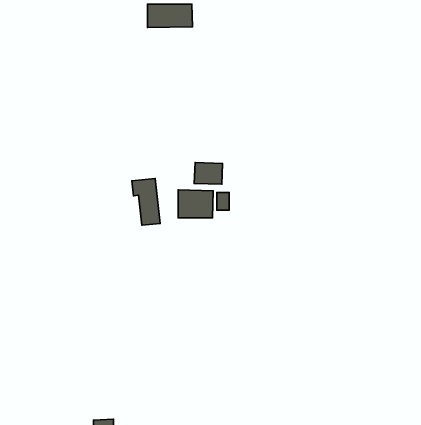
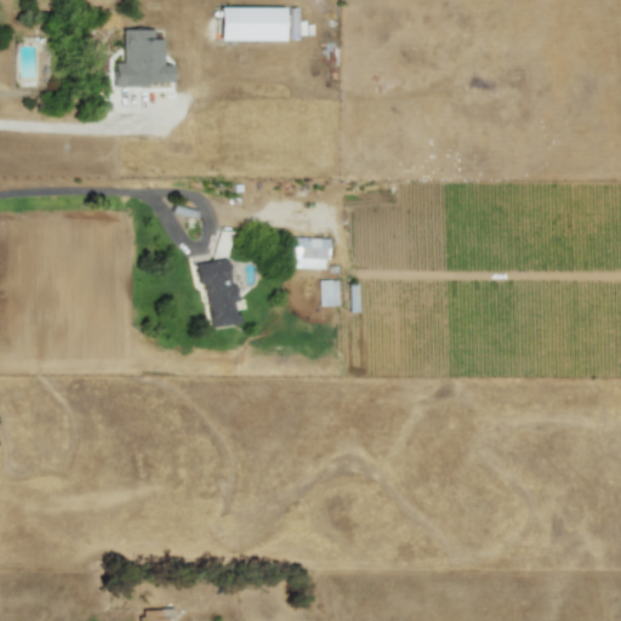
building: none -> [118,30,176,86]
building: [178,190,213,218] -> none

